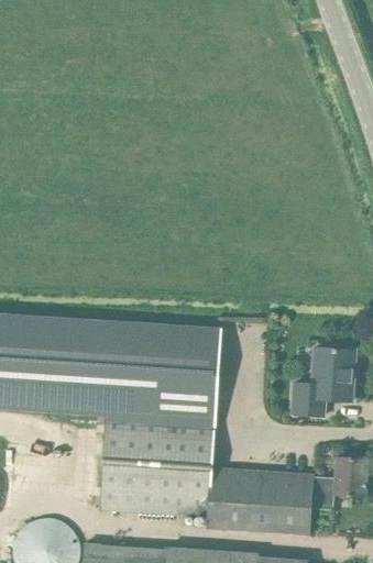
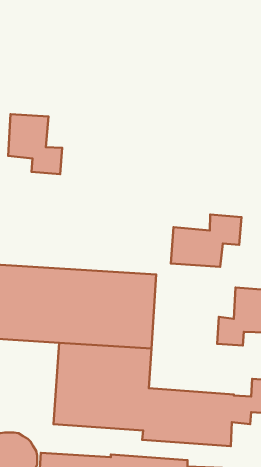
building: none -> [8,114,62,174]
building: none -> [171,215,241,267]

